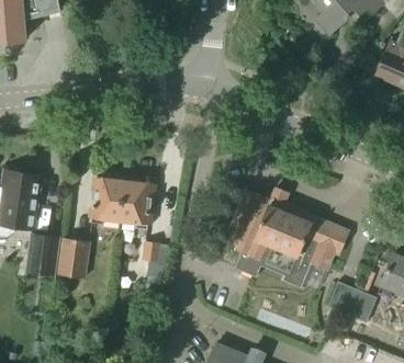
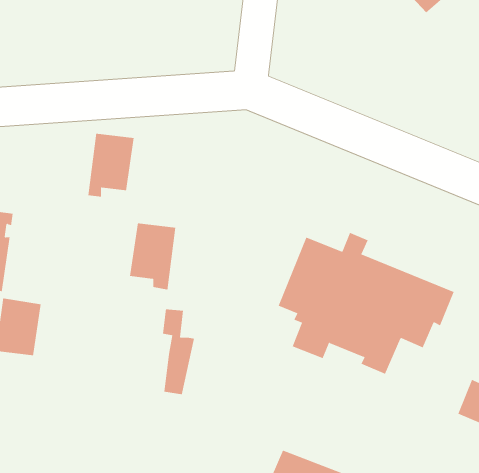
building: [92,179,125,224] -> [88,133,135,197]
building: [57,239,90,279] -> none
building: [327,282,360,316] -> none

